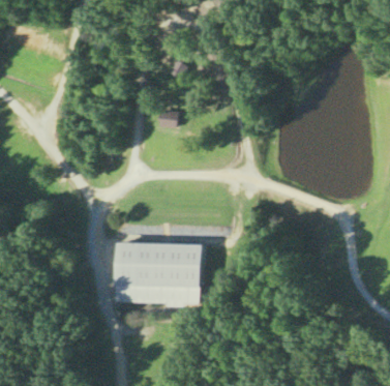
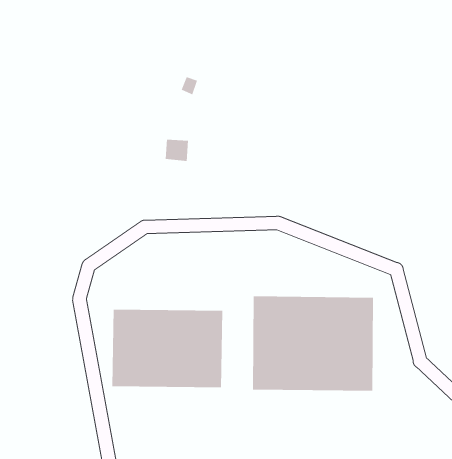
building: none -> [253,296,373,392]

